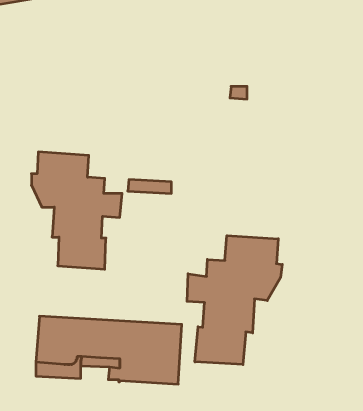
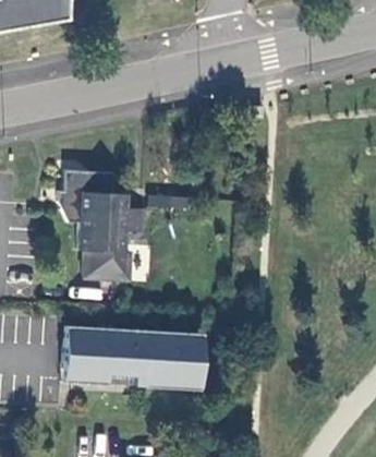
building: [187,236,282,365] -> none

